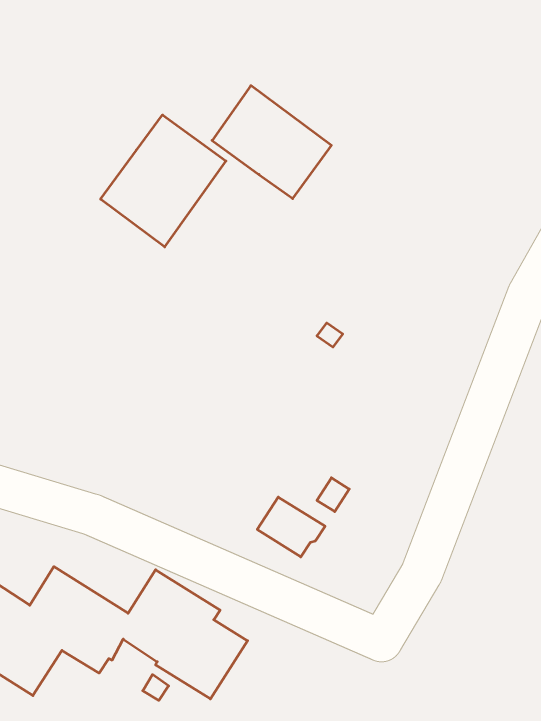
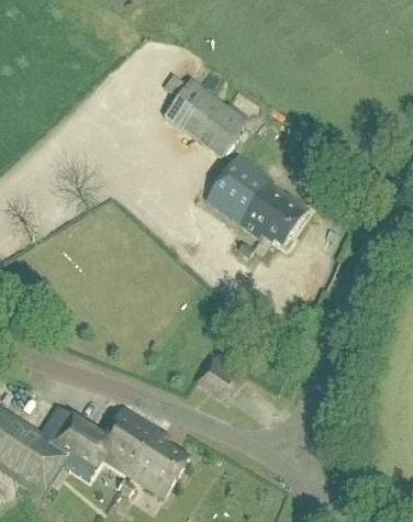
building: [101,115,226,247] -> none
building: none -> [205,157,309,246]

